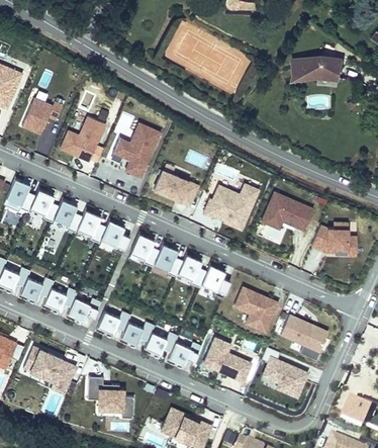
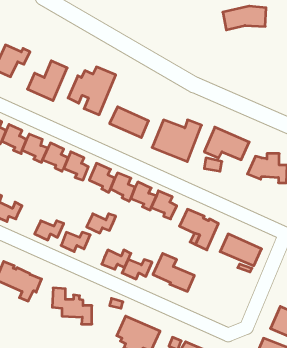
building: [44,289,78,311] -> none
building: [121,324,155,346] -> [87,214,116,233]
building: [261,347,306,397] -> none

